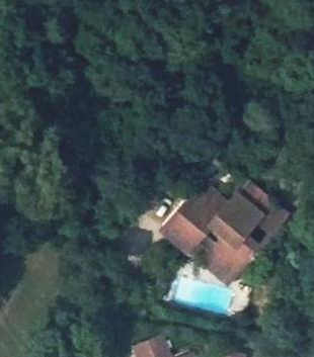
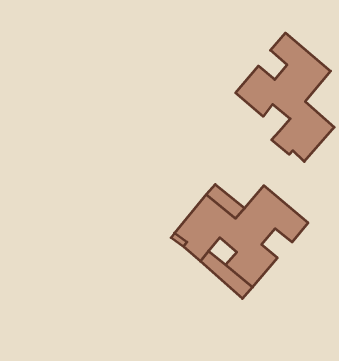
building: none -> [236,33,334,162]

